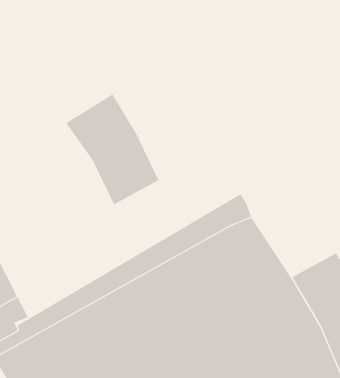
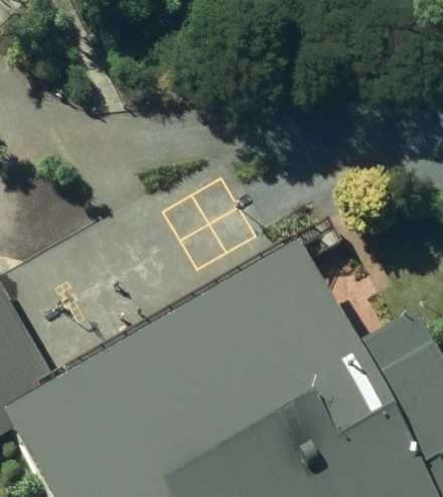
building: [65,93,159,205] -> none

